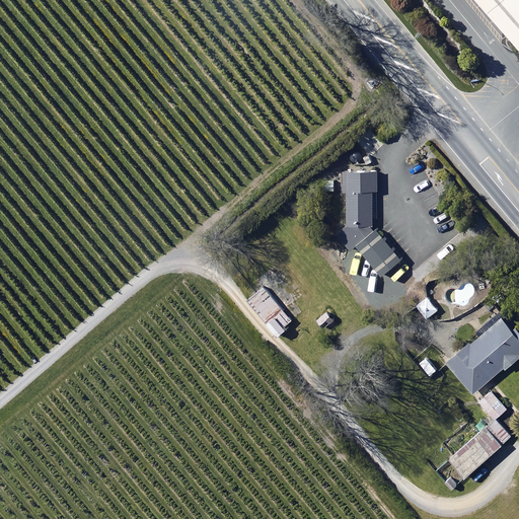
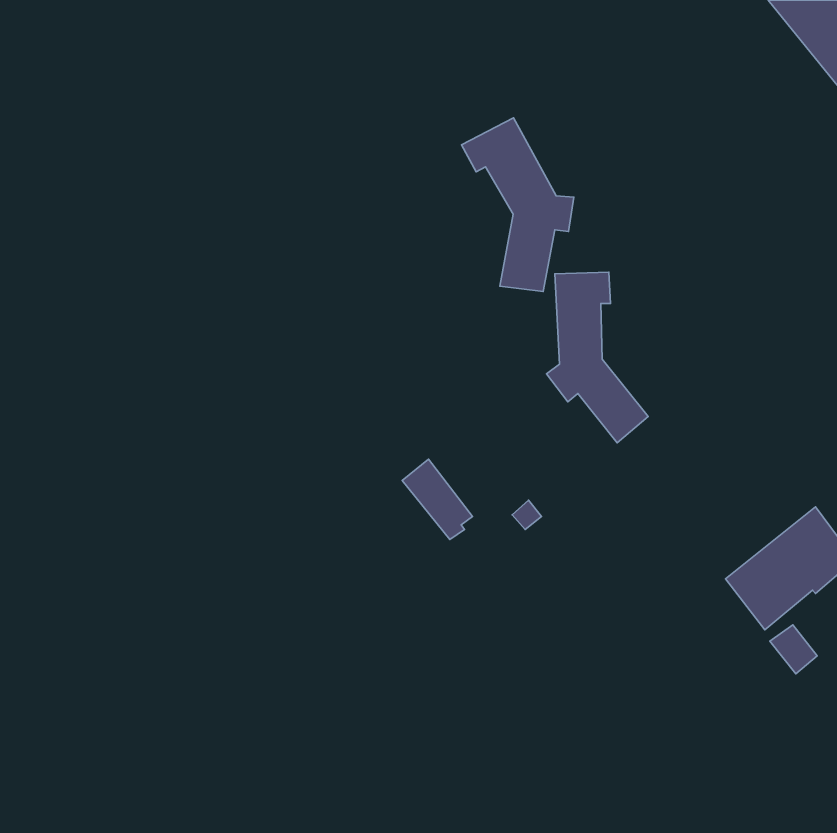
building: none -> [461,118,574,292]
building: [450,420,511,477] -> none

